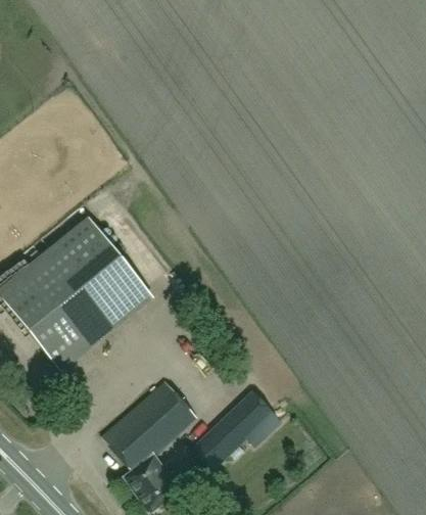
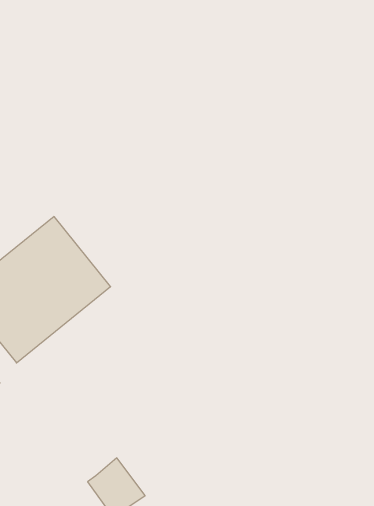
building: [100,380,195,471] -> none
building: [194,392,279,469] -> none

